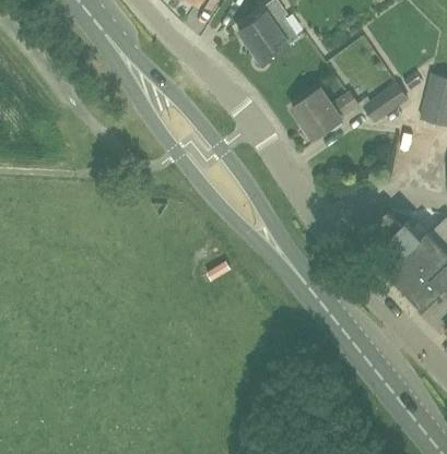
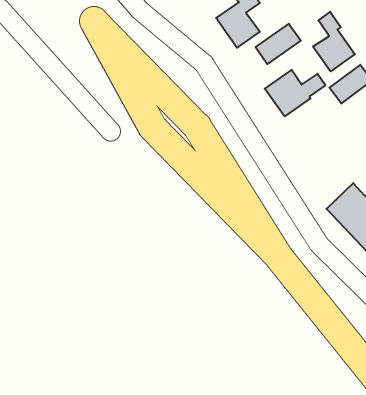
building: none -> [313,12,355,71]
building: none -> [256,24,301,64]

